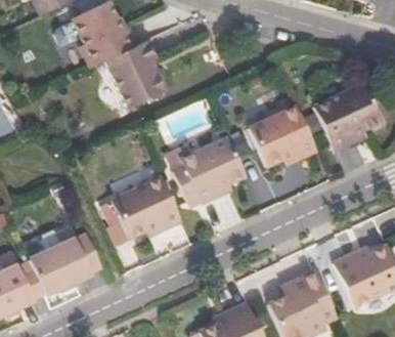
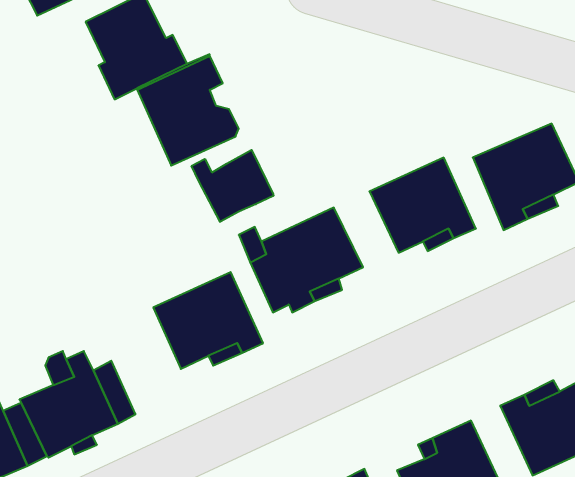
building: none -> [192,150,273,222]

